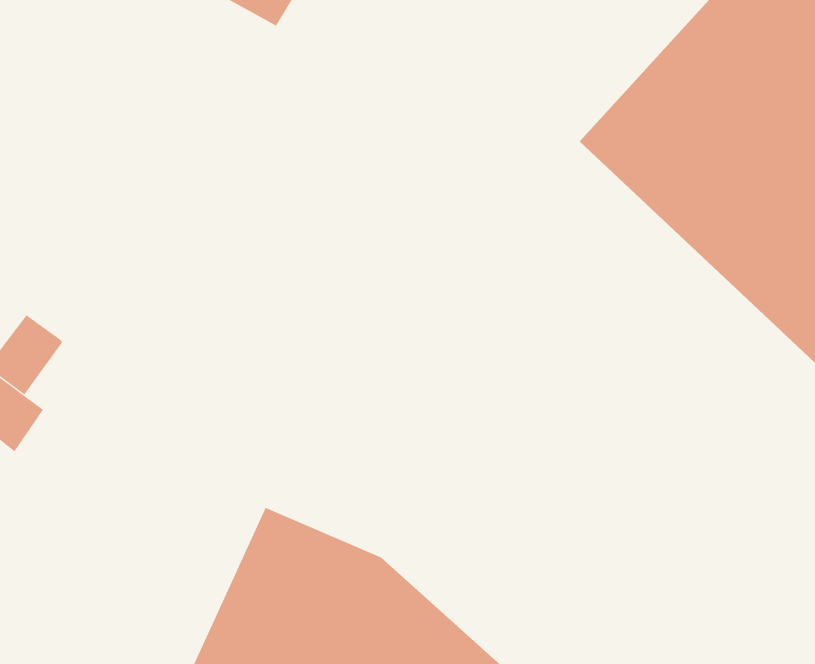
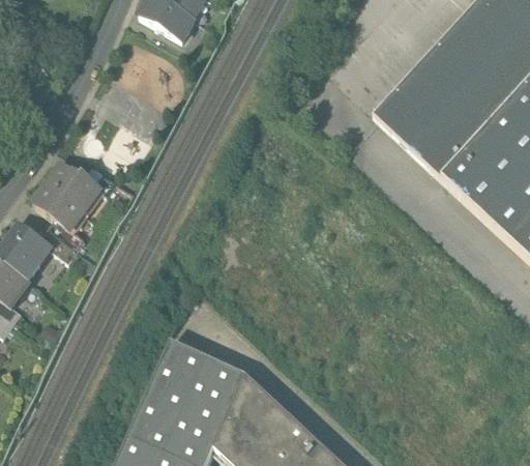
building: none -> [33,164,99,229]

